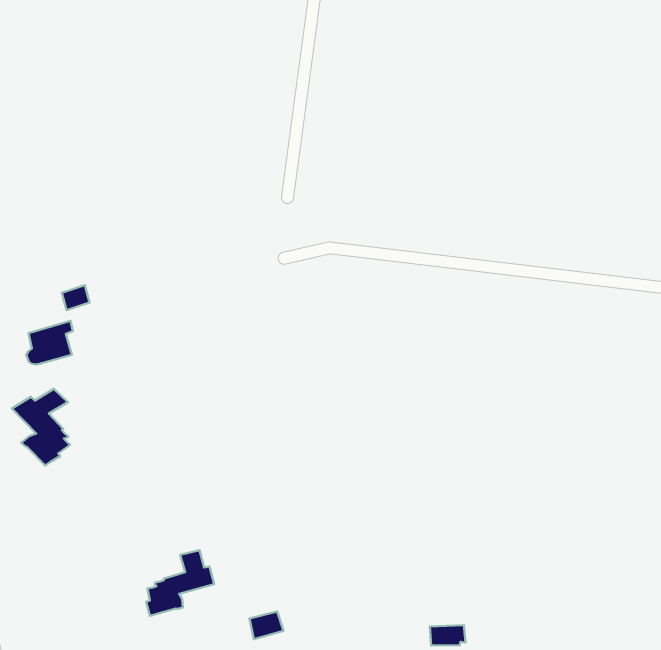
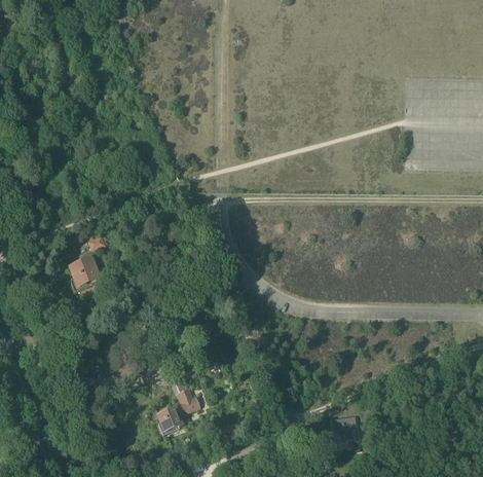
building: [12,389,70,465] -> none

